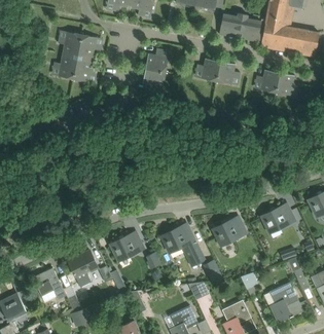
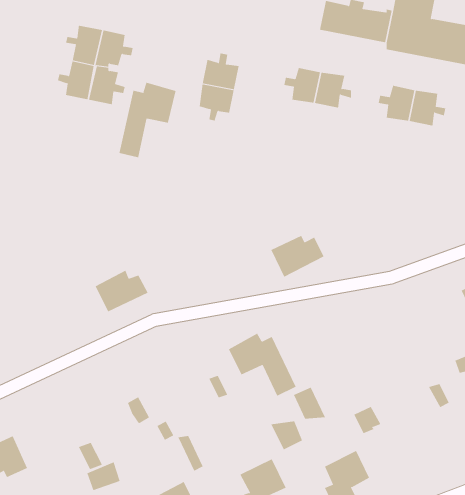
building: none -> [119,82,176,158]
building: [261,206,295,232] -> none
building: [213,219,247,246] -> [271,235,324,278]
building: [110,233,144,260] -> [95,270,149,312]
building: [68,250,99,287] -> none
building: [33,267,67,301] -> none
building: [269,282,303,323] -> none

